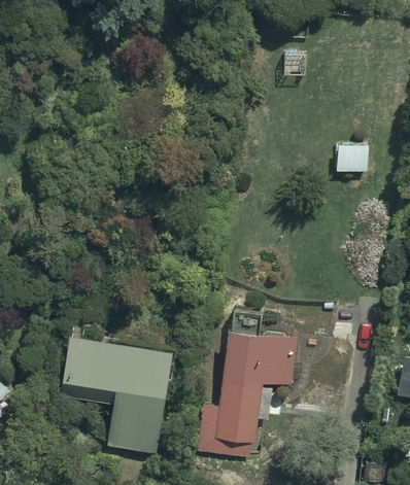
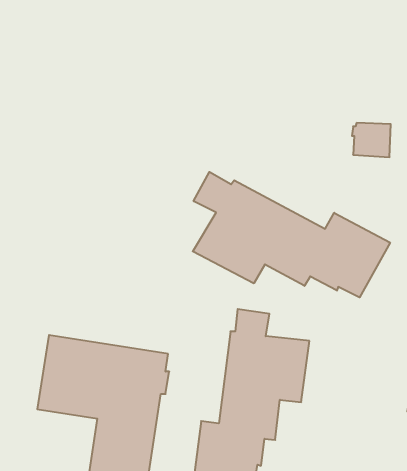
building: none -> [193,172,390,297]

